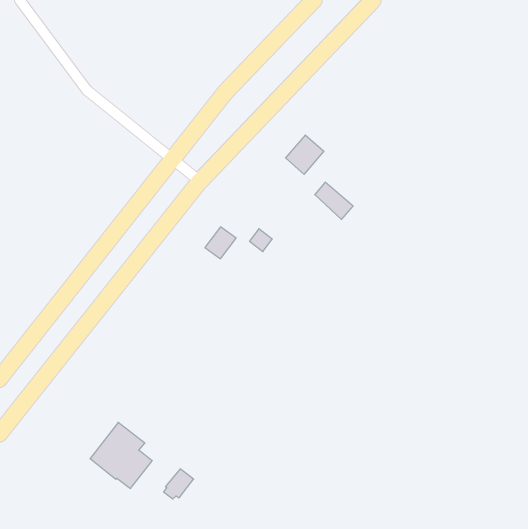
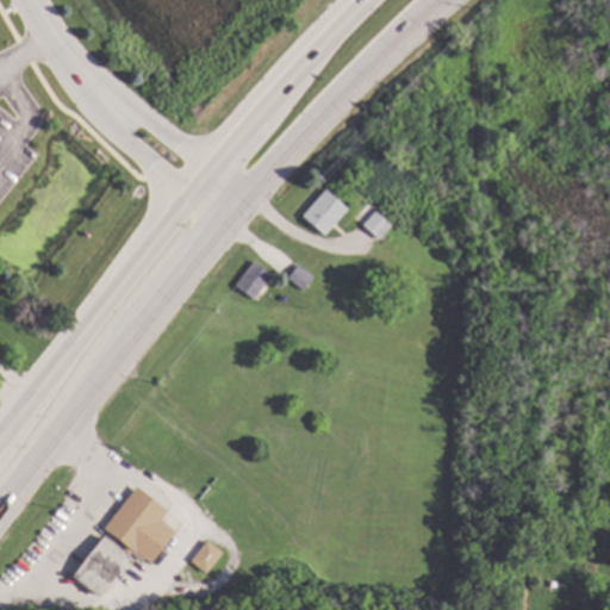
building: [286,135,324,174] -> [303,189,347,235]
building: none -> [71,535,133,597]

